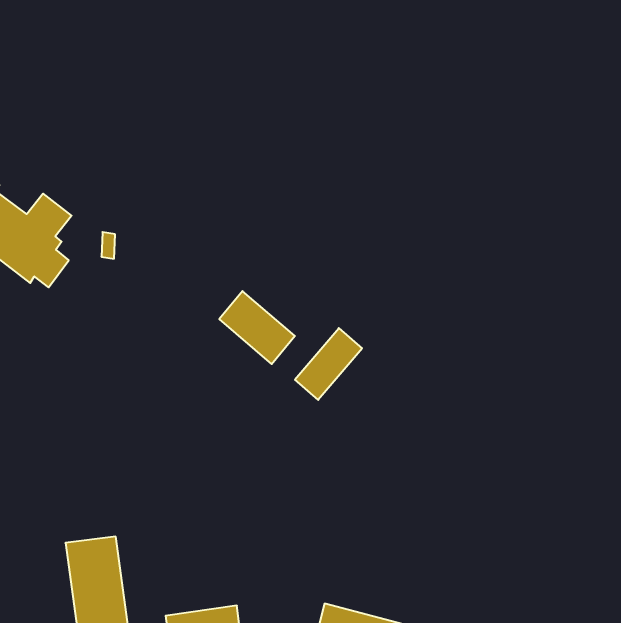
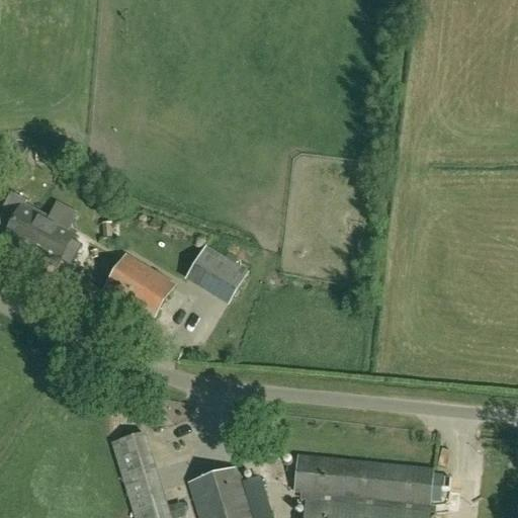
building: none -> [103,254,175,321]
building: [295,328,362,400] -> none

